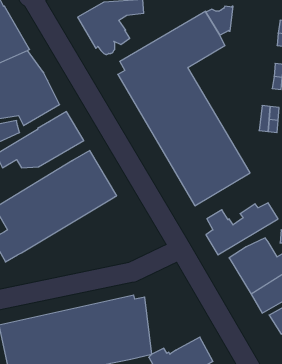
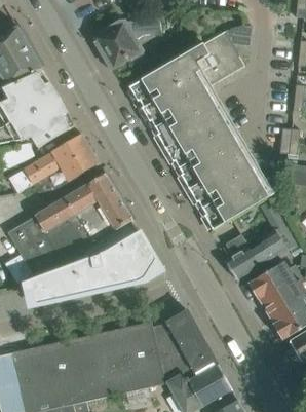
building: none -> [32,220,163,303]
building: none -> [162,308,219,381]

